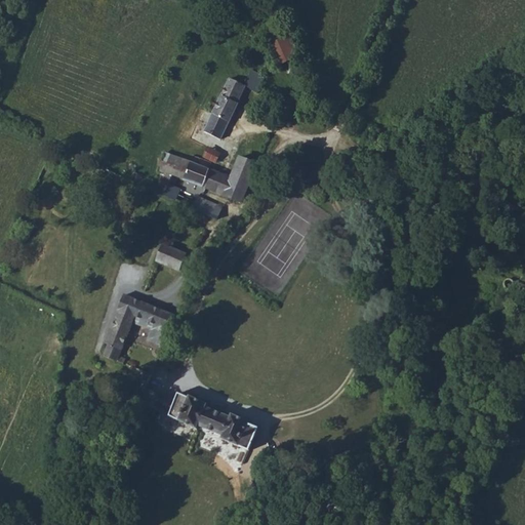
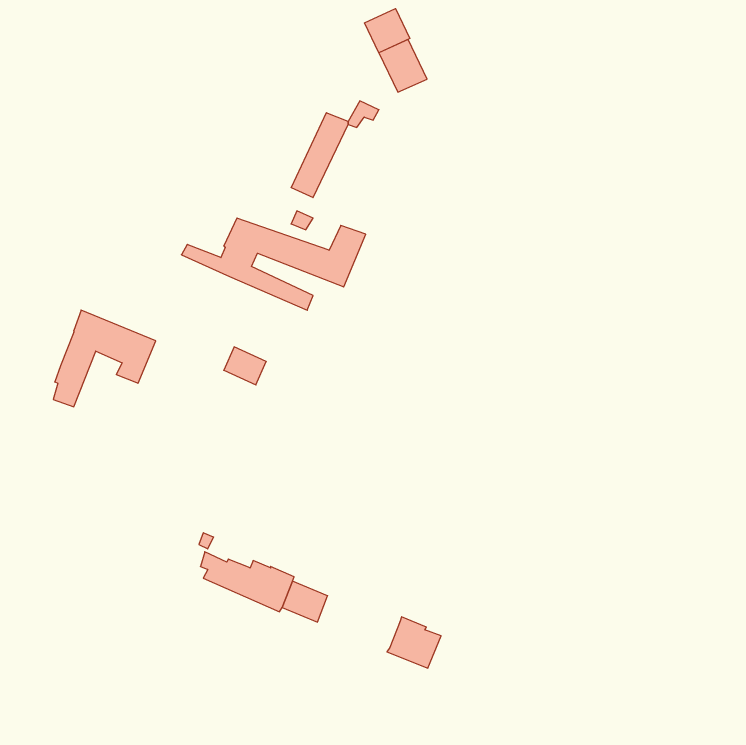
building: none -> [365,9,410,53]
building: [103,294,174,362] -> [53,310,156,407]
building: [220,414,258,450] -> [387,617,441,668]

